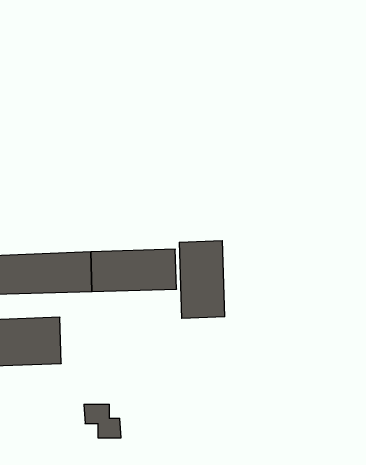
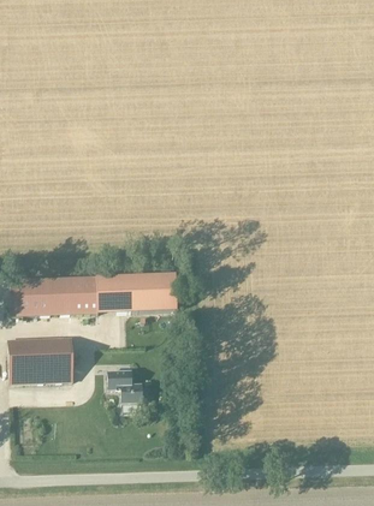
building: [179,241,225,318] -> none
building: [84,404,121,438] -> [108,370,143,401]

